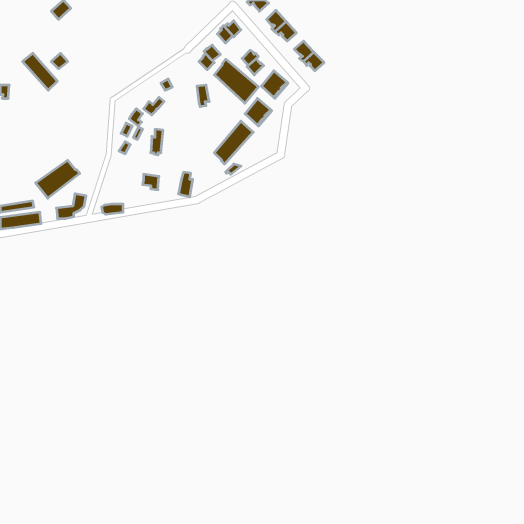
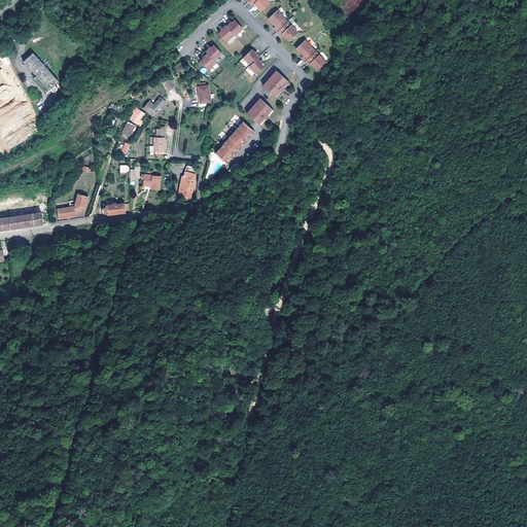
building: [214,59,258,103] -> none
building: [36,160,80,198] -> none

